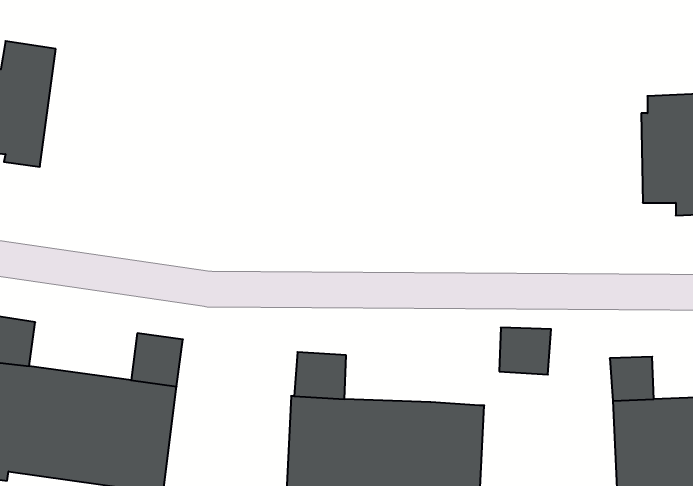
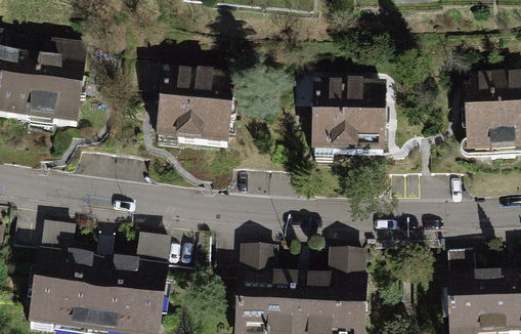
building: none -> [158,70,233,147]
building: none -> [312,80,388,148]
building: [499,328,551,375] -> [330,246,363,277]

